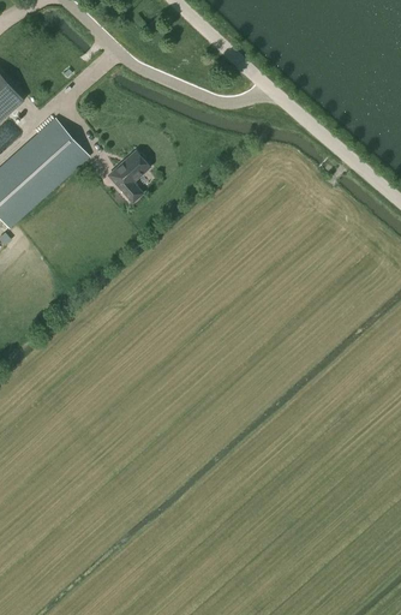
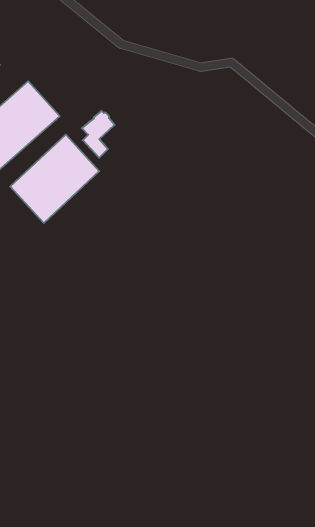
building: none -> [10,135,99,223]

